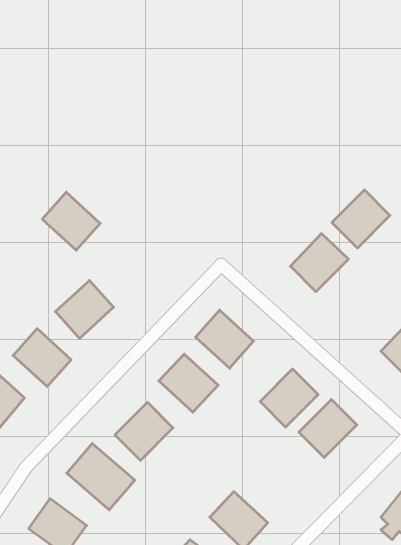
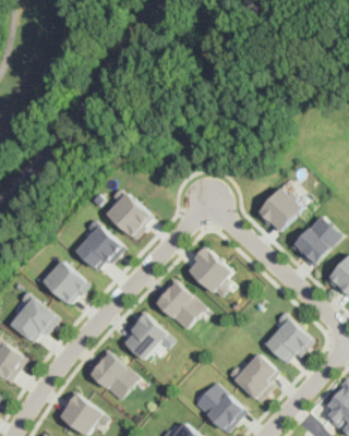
building: [332,190,390,248] -> [292,218,337,263]
building: [42,192,100,250] -> [105,191,149,235]
building: [260,369,318,427] -> [231,354,276,399]

